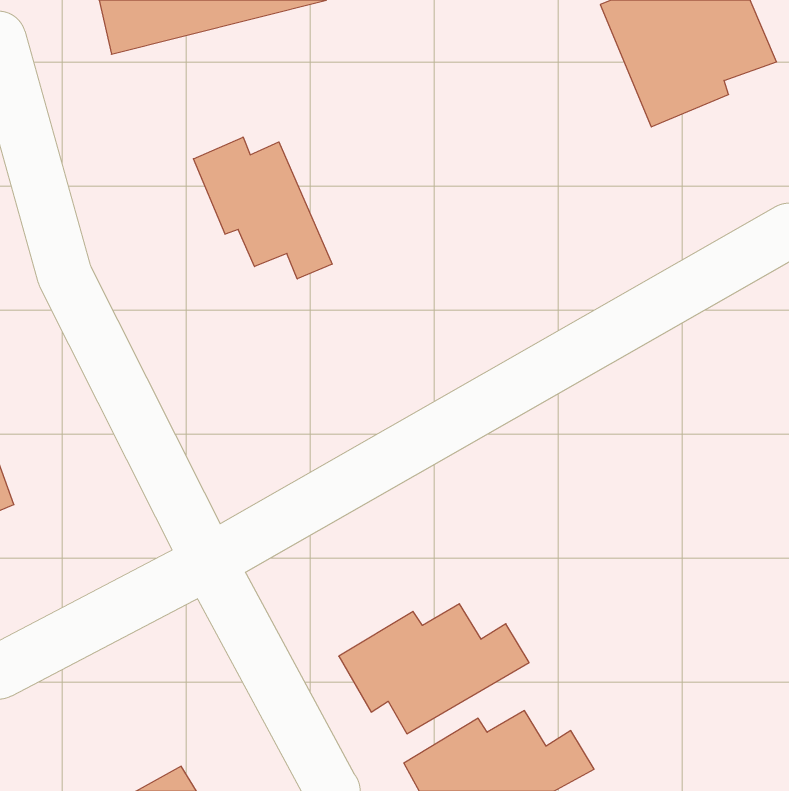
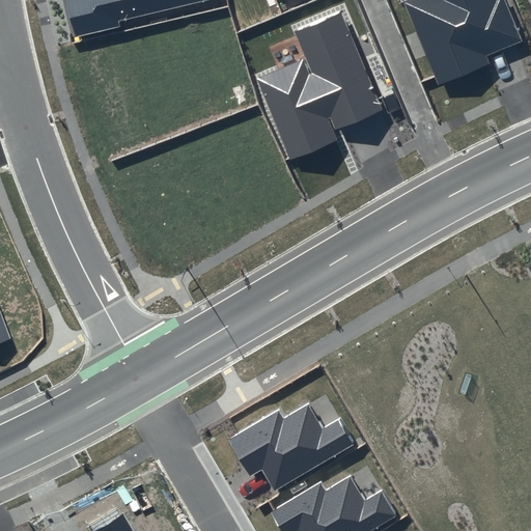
building: none -> [256,11,383,160]
building: [193,137,332,279] -> none

